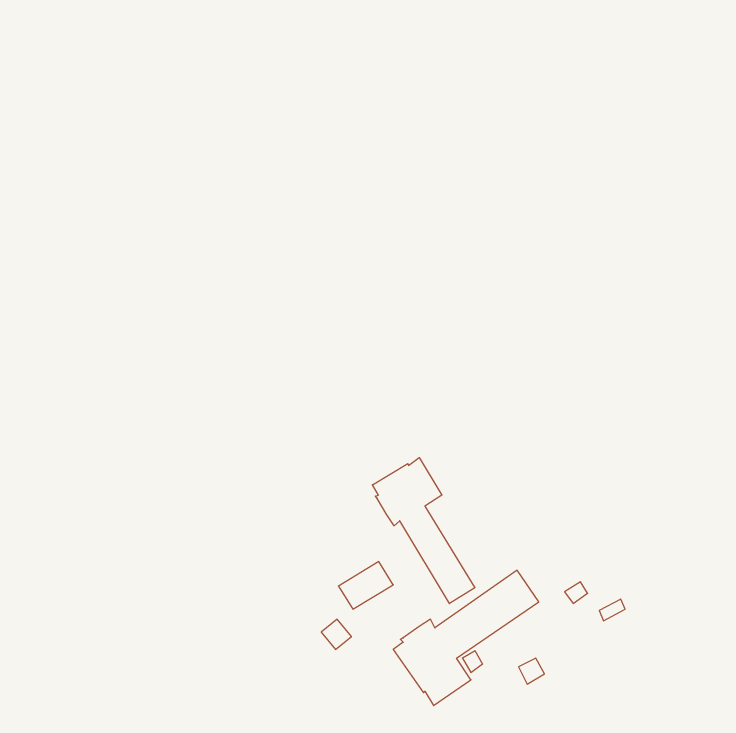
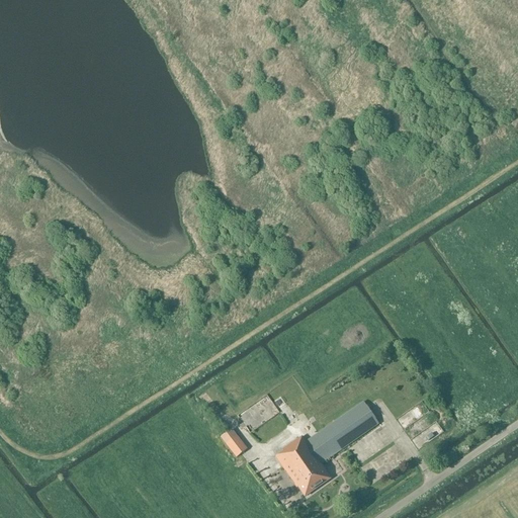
building: [372,458,475,604] -> none

